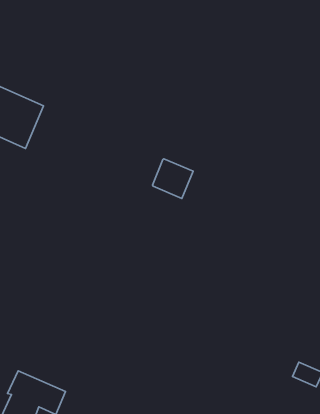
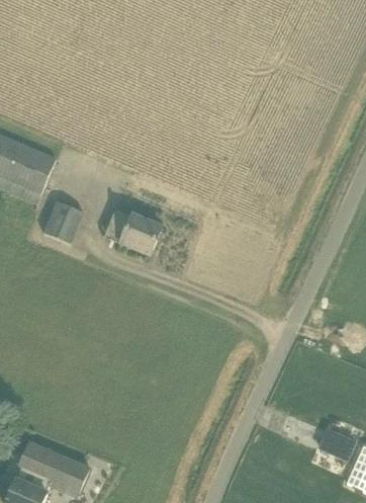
building: none -> [41,200,82,243]
building: [152,159,193,199] -> [117,213,161,255]

